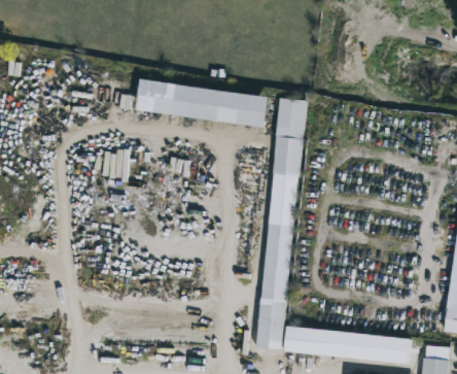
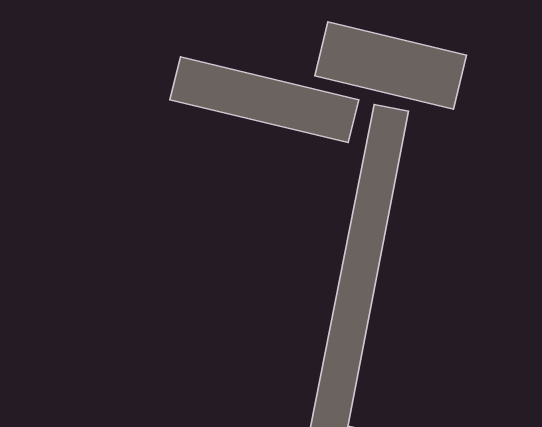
building: none -> [315,22,466,109]

